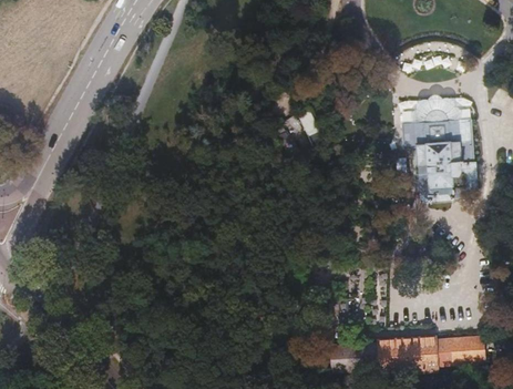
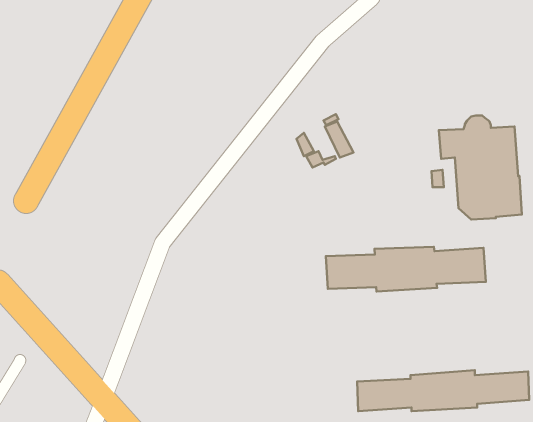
building: none -> [326,247,486,291]

